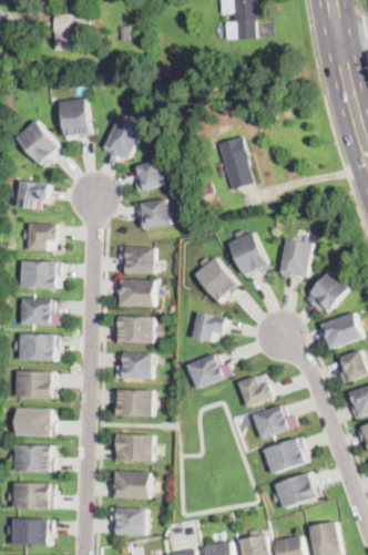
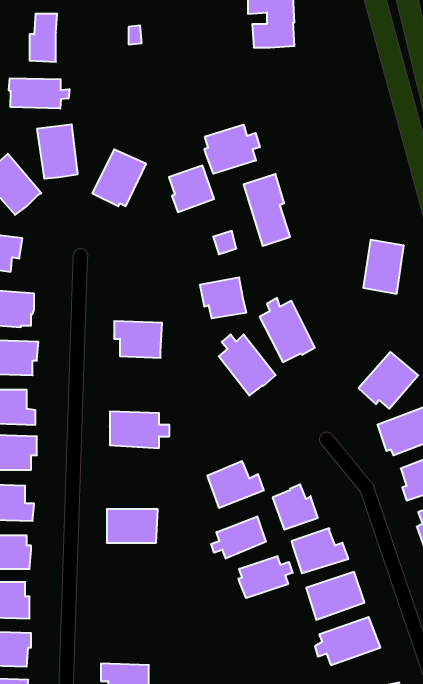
building: none -> [9,78,69,109]
building: none -> [205,125,260,174]
building: [130,157,164,193] -> [169,165,214,212]
building: [135,198,171,229] -> [200,277,246,318]
building: [282,239,313,280] -> [363,240,404,294]
building: [117,279,156,307] -> none
building: [194,309,228,340] -> none
building: [114,352,151,379] -> none
building: none -> [211,516,266,559]
building: none -> [238,556,293,598]
building: [111,434,152,461] -> none
building: [111,472,150,499] -> none

